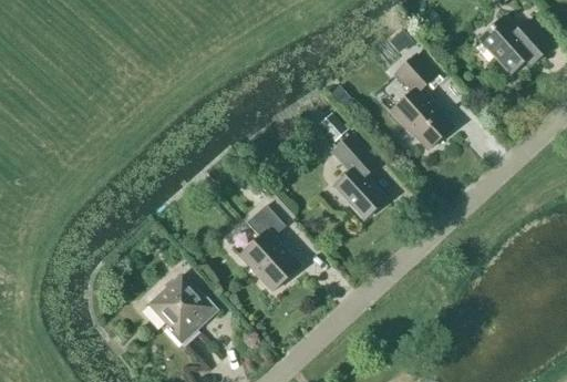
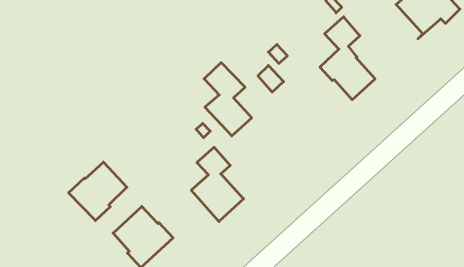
building: [330,135,385,220] -> [204,63,252,136]
building: none -> [69,162,127,221]

